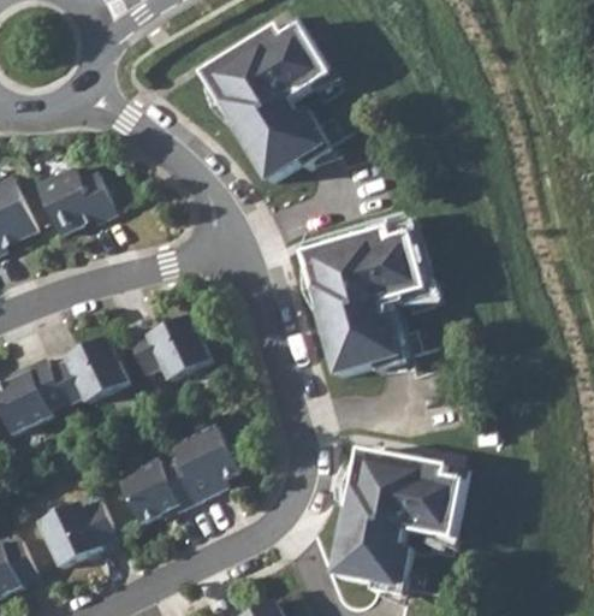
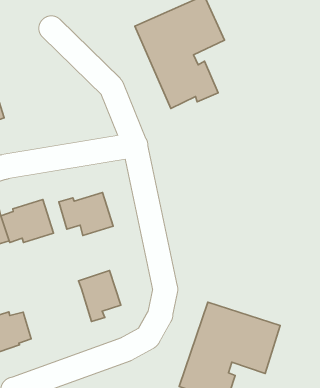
building: [38,154,111,235] -> none
building: [302,223,427,377] -> none
building: [117,456,197,523] -> none

